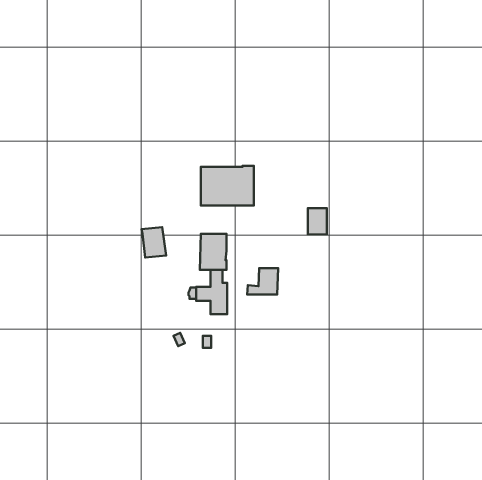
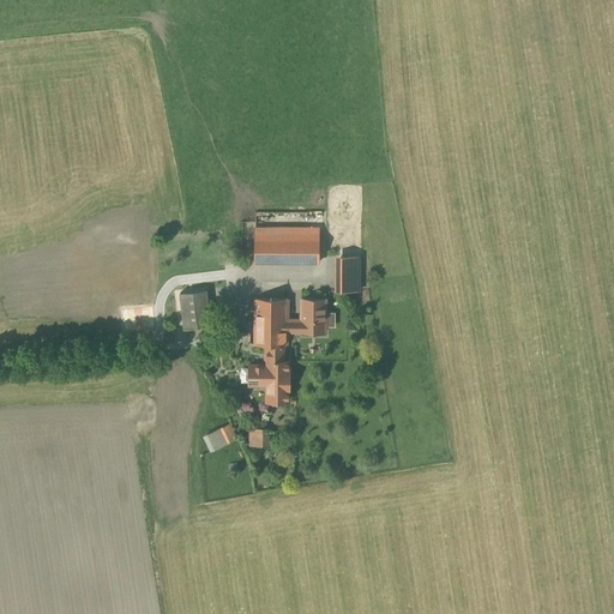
building: [308,208,327,234] -> [335,259,359,293]
building: [247,268,278,295] -> [287,300,326,333]

